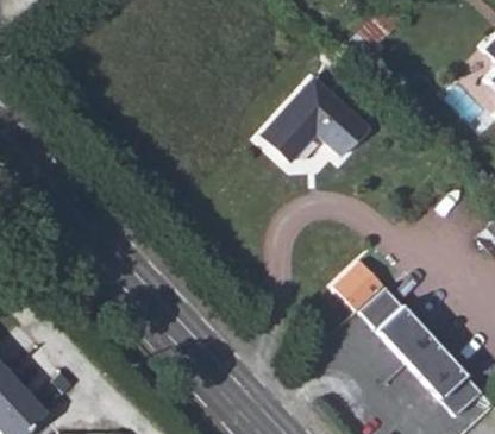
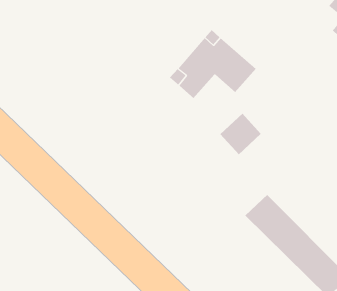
building: [331,258,383,310] -> [220,113,262,155]

